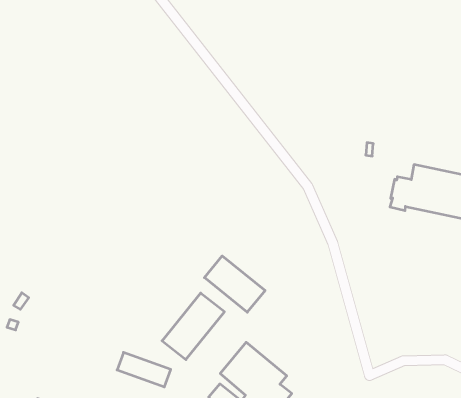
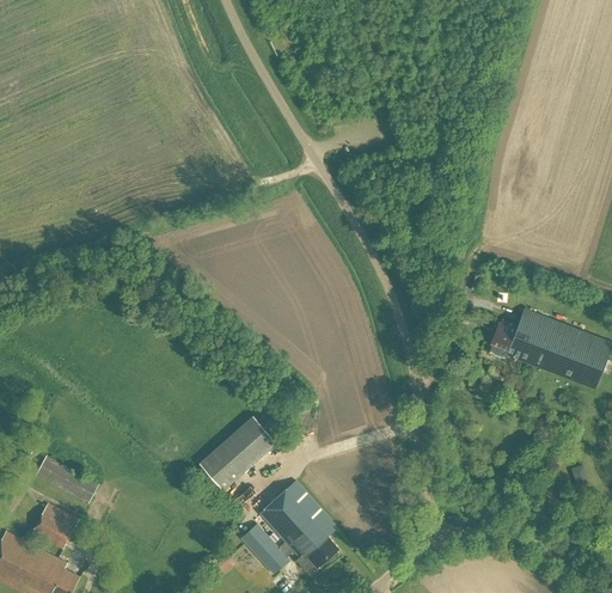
building: [204,256,265,312] -> none
building: [117,352,171,387] -> [35,454,97,502]

